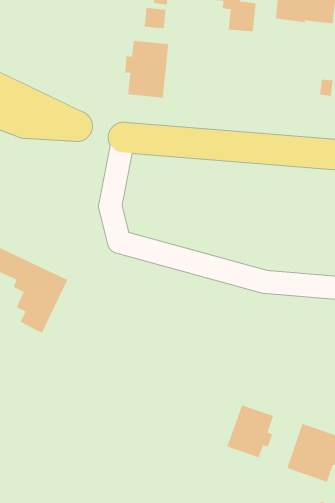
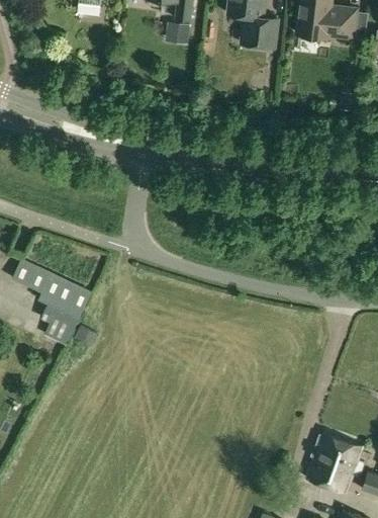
building: [124,40,169,99] -> none
building: [227,404,274,458] -> none

